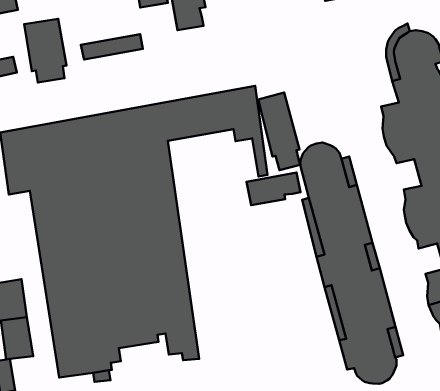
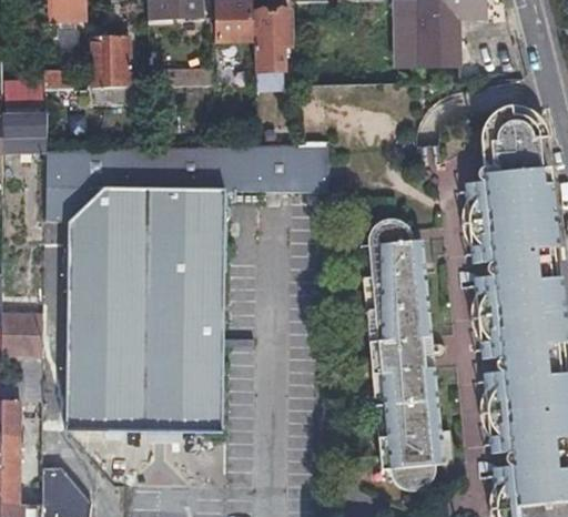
building: [258,93,300,170] -> none
building: [246,173,301,205] -> none
building: none -> [126,399,205,432]

